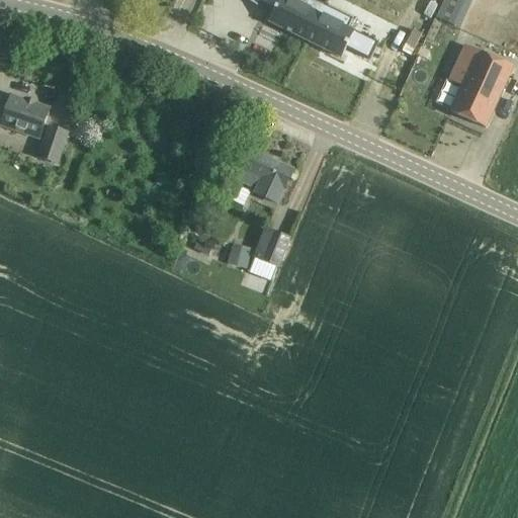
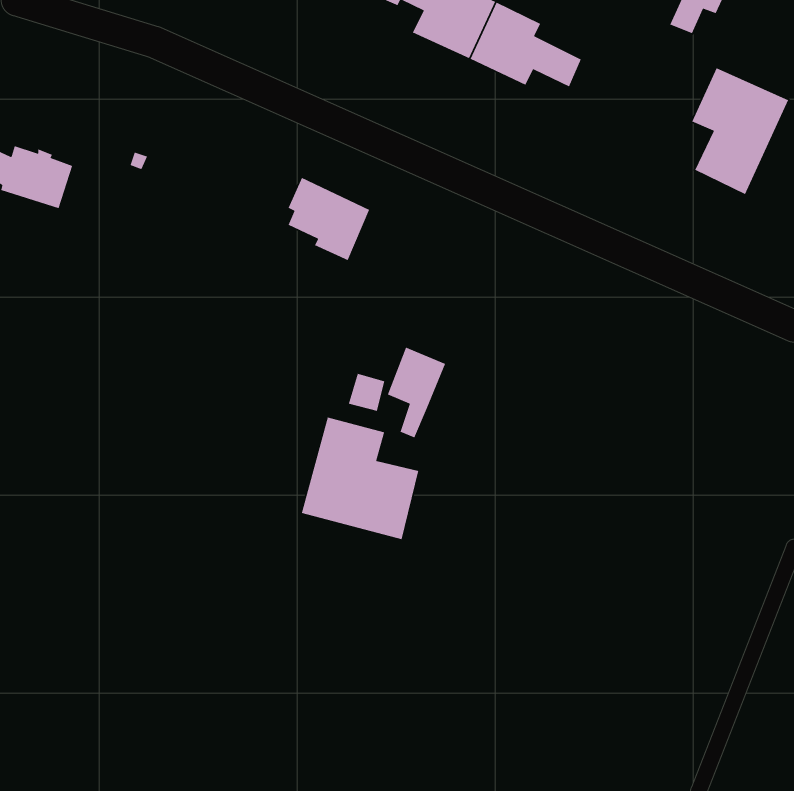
building: [37,124,66,161] -> none
building: [237,147,290,201] -> [287,177,370,261]
building: none -> [301,416,419,540]

